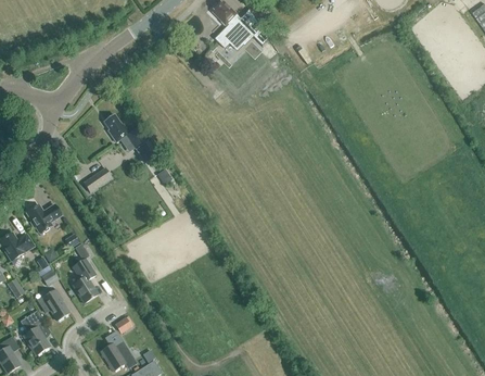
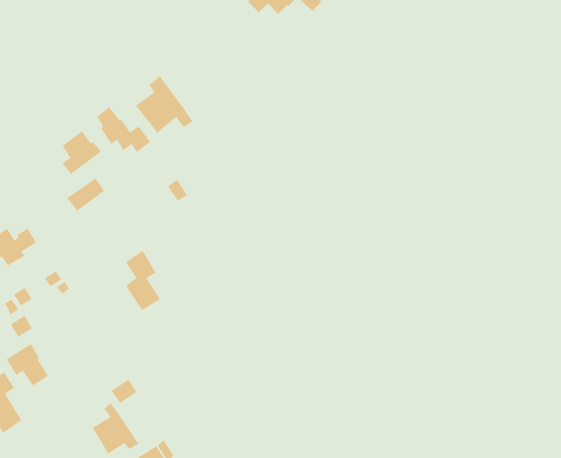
building: none -> [135,76,193,133]
building: none -> [62,131,102,175]
building: [73,259,99,303] -> [125,250,161,311]

